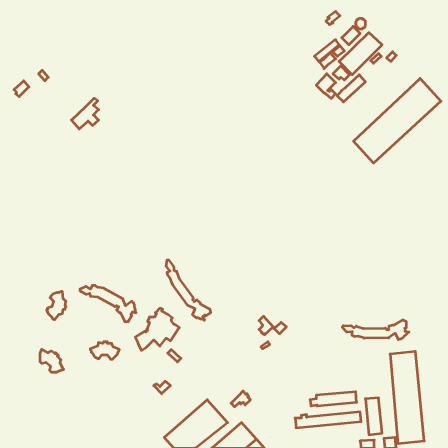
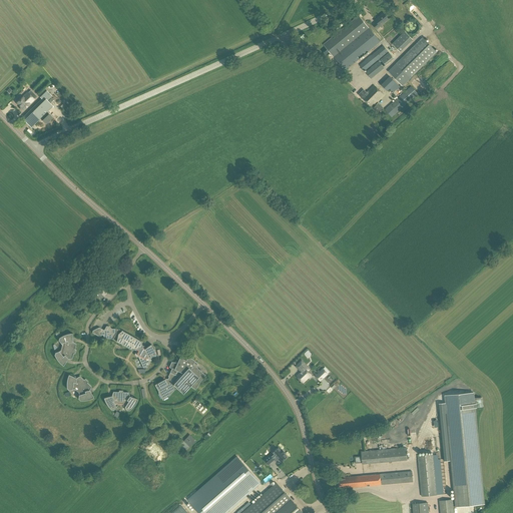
building: none -> [322,14,379,70]
building: [354,78,441,163] -> none
building: [71,98,99,129] -> [21,92,52,127]
building: [166,260,211,320] -> none
building: [342,320,409,340] -> none
building: [40,349,64,372] -> [66,374,93,400]

